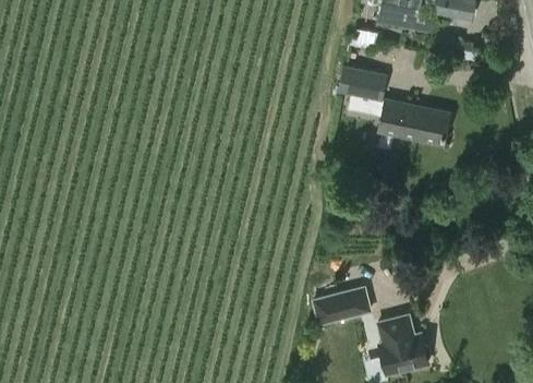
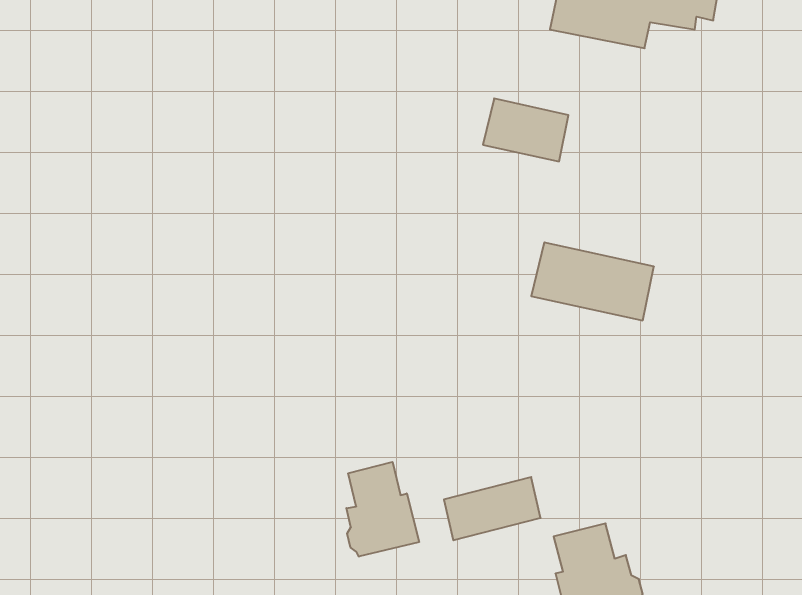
building: [377,98,449,144] -> [531,242,654,320]
building: none -> [346,462,419,557]

